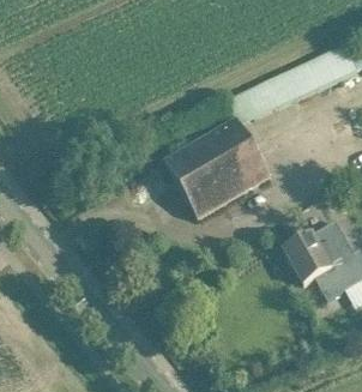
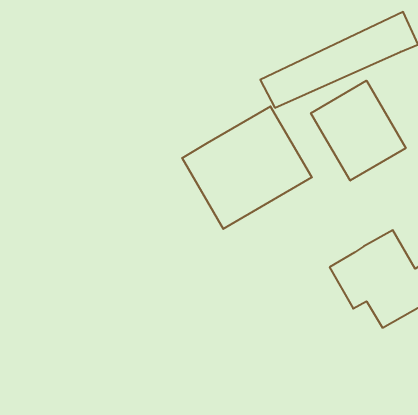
building: none -> [311,81,406,181]

